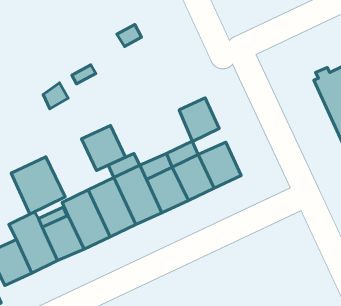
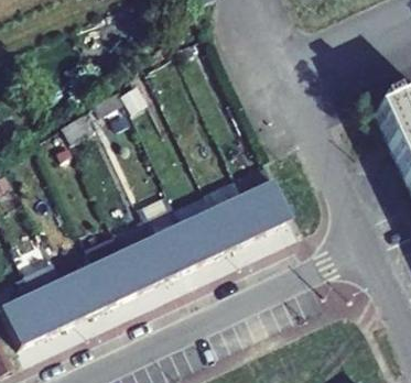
building: [179,98,219,141] -> none
building: [82,125,125,171] -> none
building: [11,157,65,214] -> none

